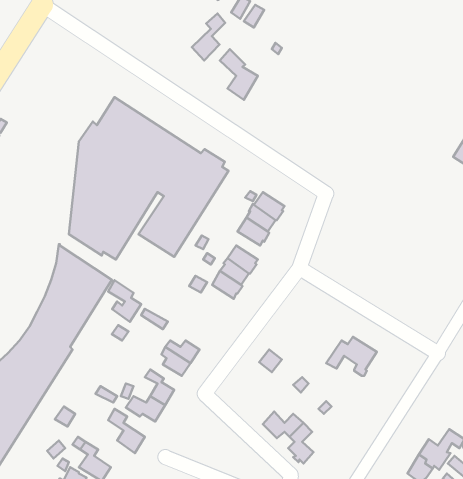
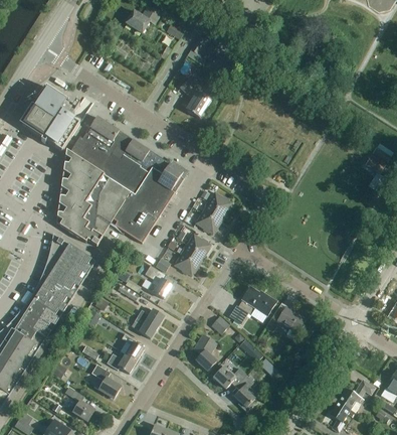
building: [192,13,225,61] -> none
building: none -> [18,86,78,151]
building: [108,280,141,322] -> [145,265,171,298]
building: none -> [236,284,276,315]
building: none -> [193,333,215,370]

